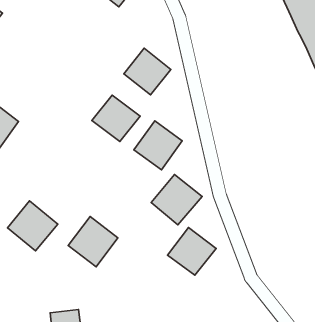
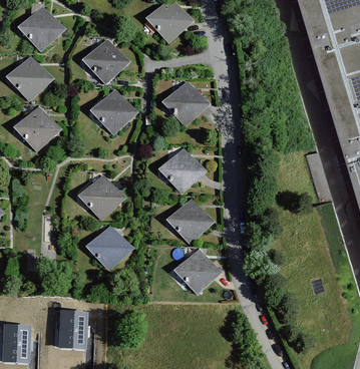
building: none -> [82,39,125,82]
building: [92,95,140,142] -> [91,90,135,133]
building: [7,201,58,251] -> [80,176,126,223]

